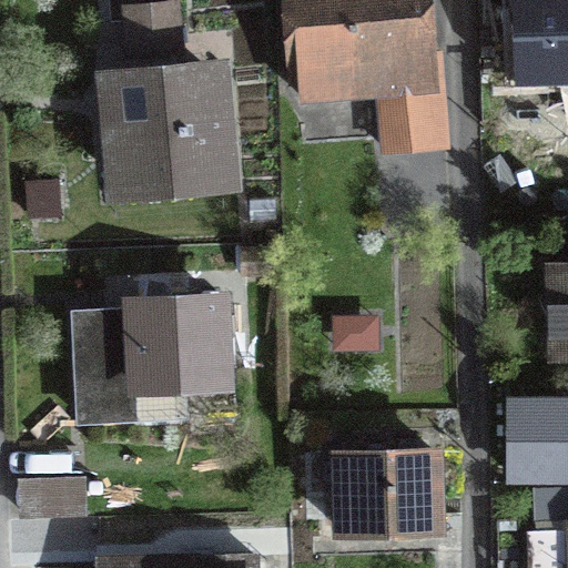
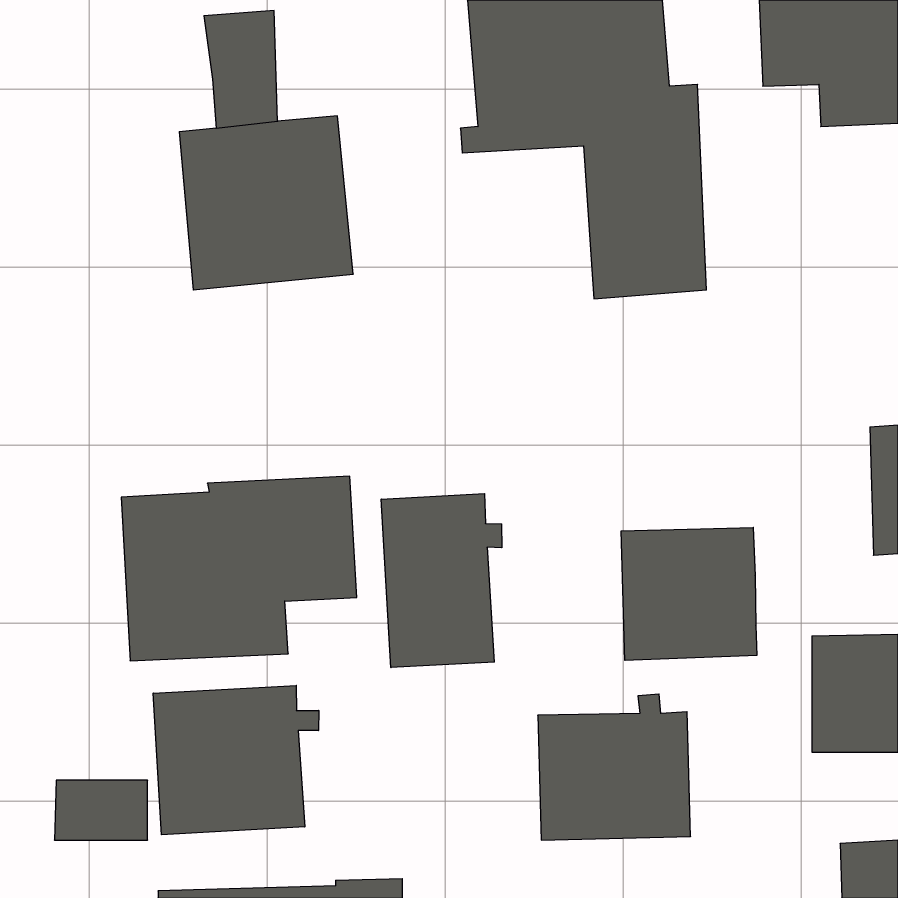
building: none -> [381,494,502,668]
building: none -> [621,527,757,660]
building: none -> [153,685,319,835]

